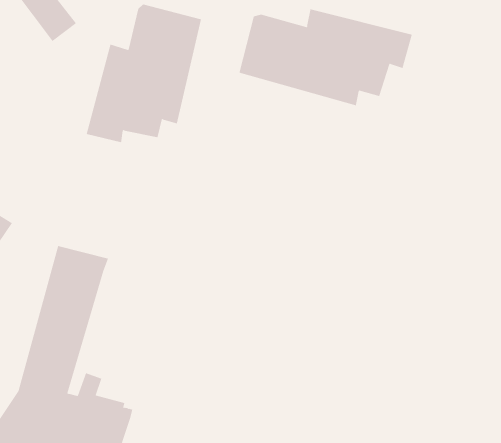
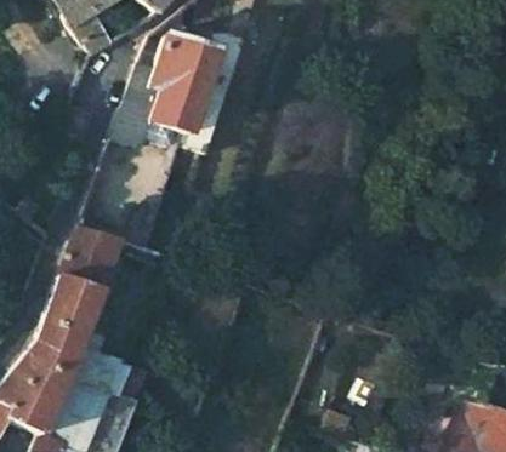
building: [239,8,413,106] -> none

